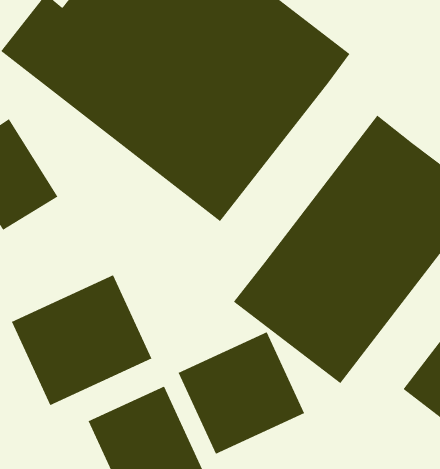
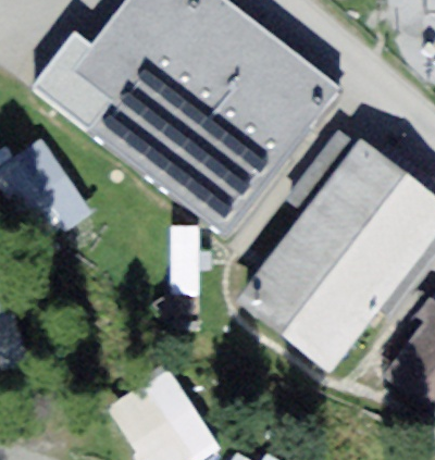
building: [11,274,152,406] -> none
building: [178,331,305,455] -> none

